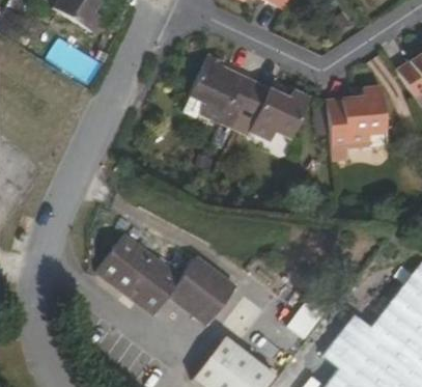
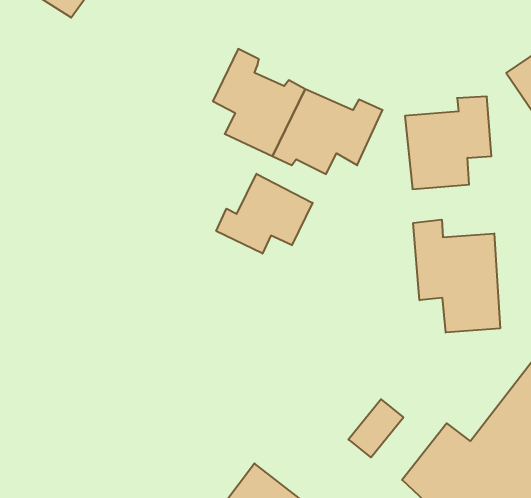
building: none -> [216,174,313,254]
building: none -> [413,220,500,333]
building: [97,233,235,325] -> none

